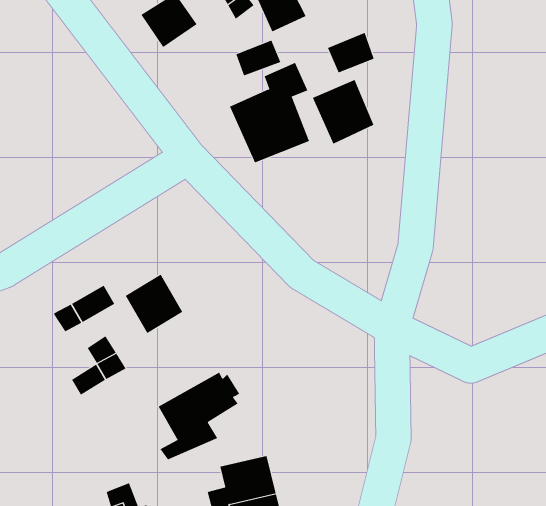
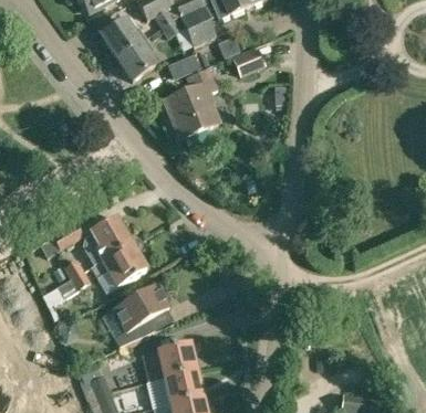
building: none -> [116,41,156,81]
building: [312,79,374,145] -> none
building: none -> [92,242,147,284]

